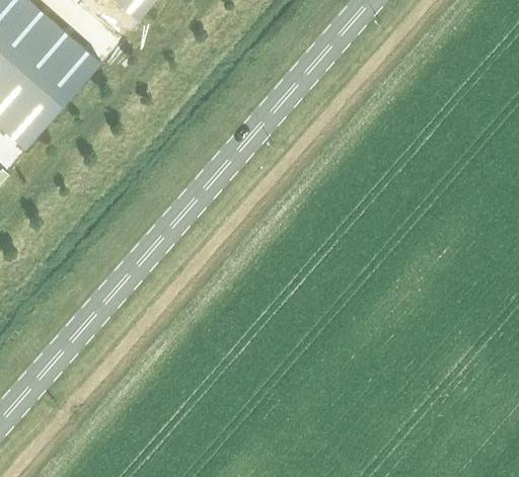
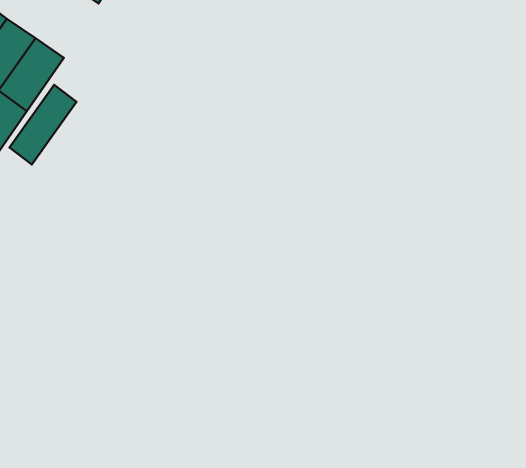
building: none -> [9,85,76,164]

